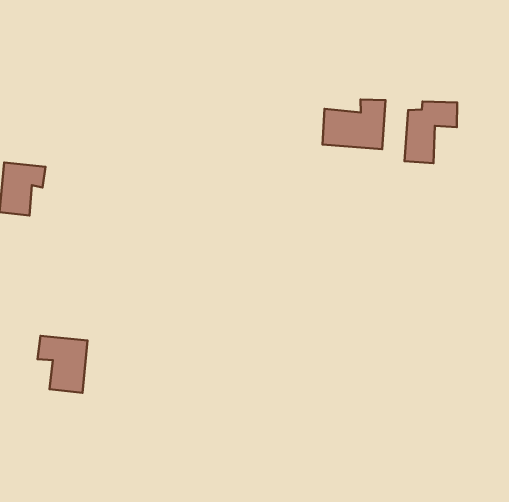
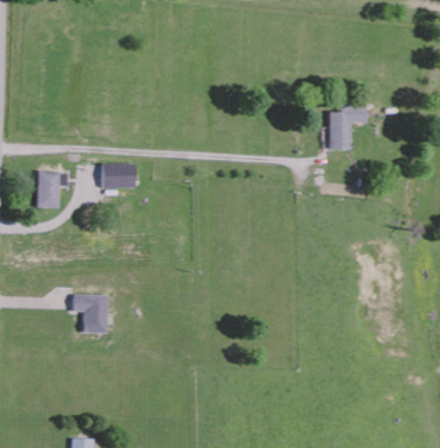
building: [322,99,386,149] -> none
building: none -> [102,163,136,187]

